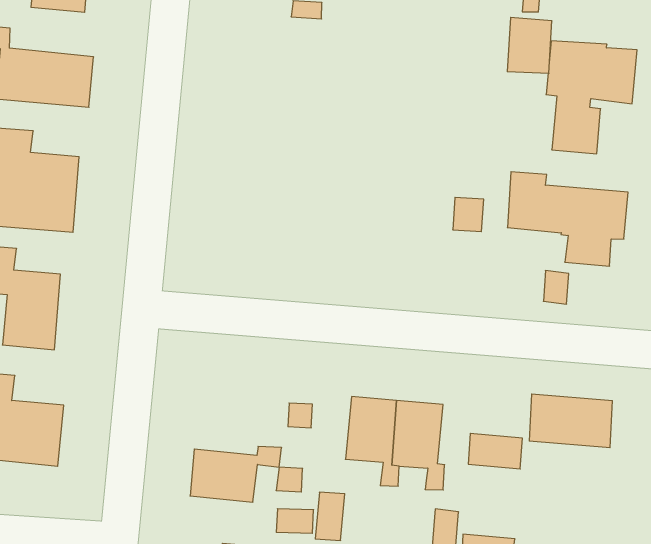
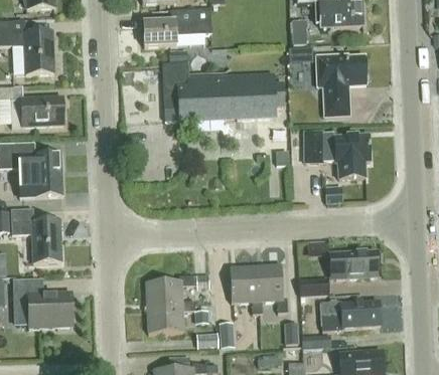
building: none -> [162,61,284,122]
building: none -> [145,275,193,307]
building: none -> [319,299,380,331]

